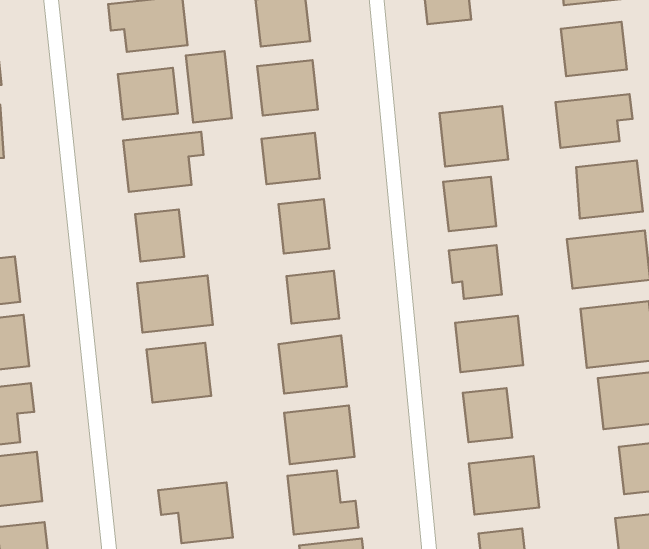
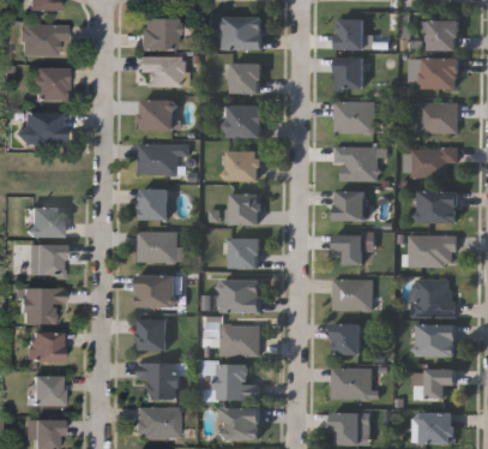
building: none -> [335,103,373,133]
building: [186,51,232,122] -> none
building: none -> [138,319,168,351]

